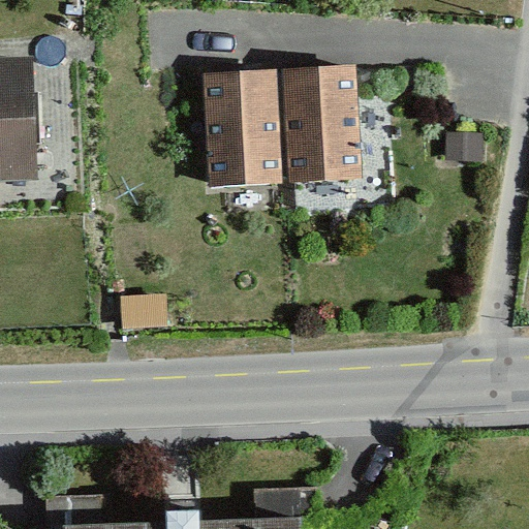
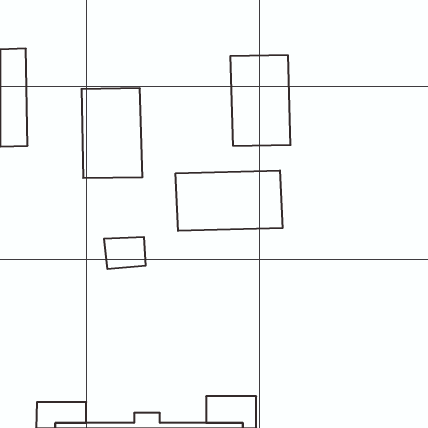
building: [205,73,280,184] -> [81,88,143,178]
building: none -> [176,170,283,231]

